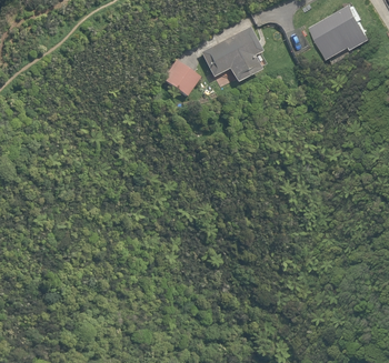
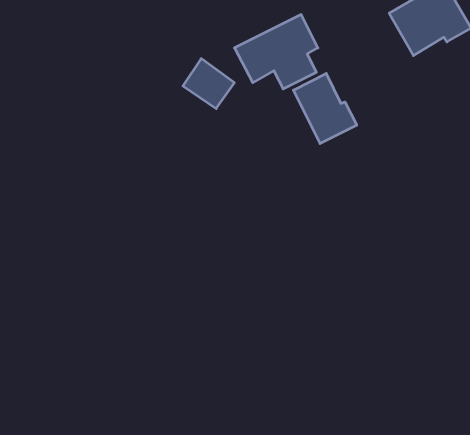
building: none -> [293,73,357,144]

